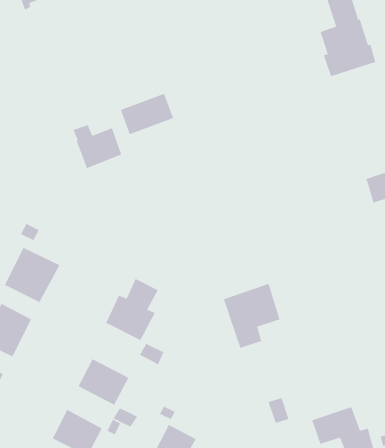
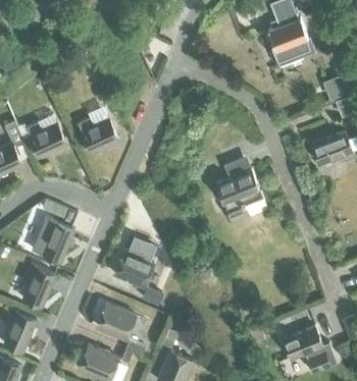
building: [120,93,174,135] -> none
building: none -> [26,121,66,157]
building: [223,283,281,349] -> [215,168,262,222]

